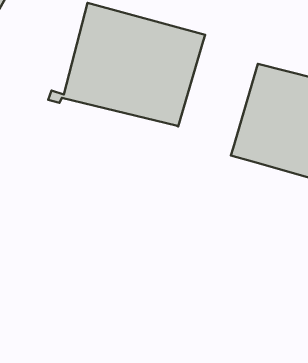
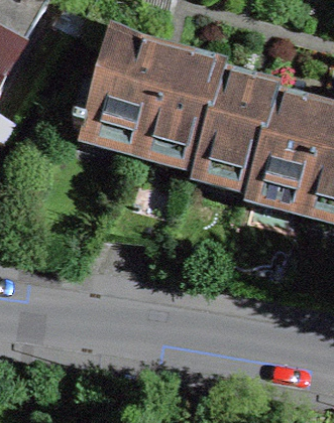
building: none -> [193,76,275,180]

